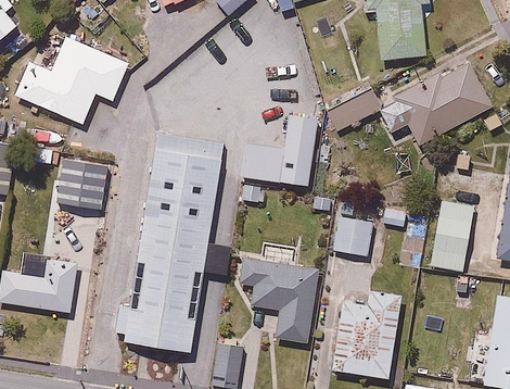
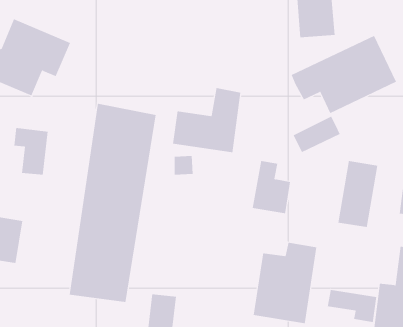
building: [326,90,379,131] -> [293,116,340,153]
building: [239,241,320,341] -> none
building: none -> [327,289,377,323]

